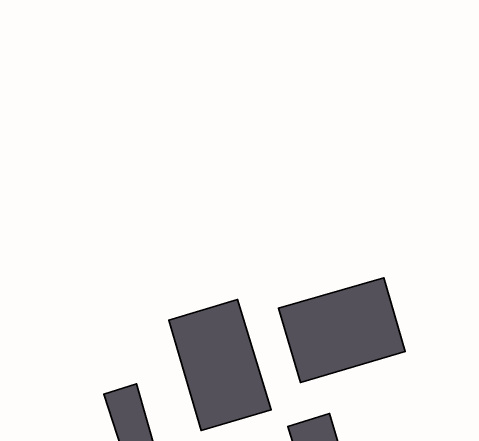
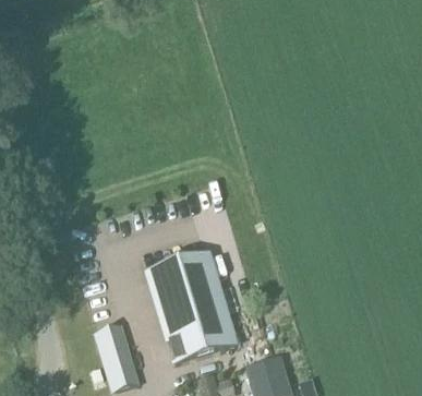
building: [278,278,405,383] -> none

